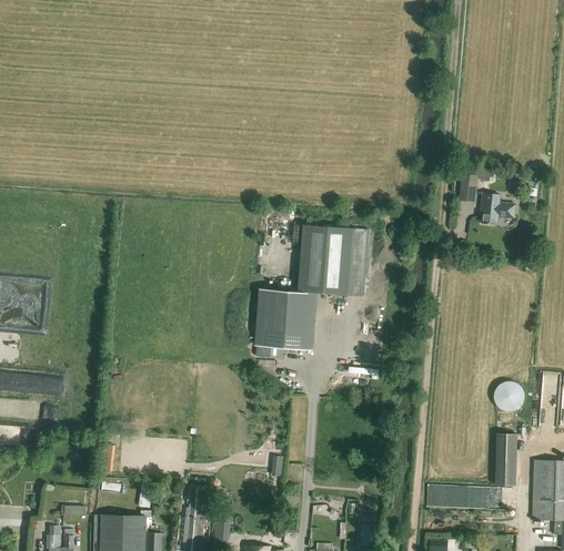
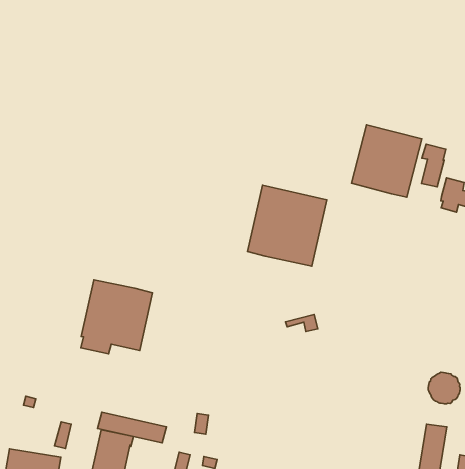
building: none -> [352,125,422,197]
building: [253,289,316,359] -> [81,280,153,354]
building: none -> [98,412,167,443]

